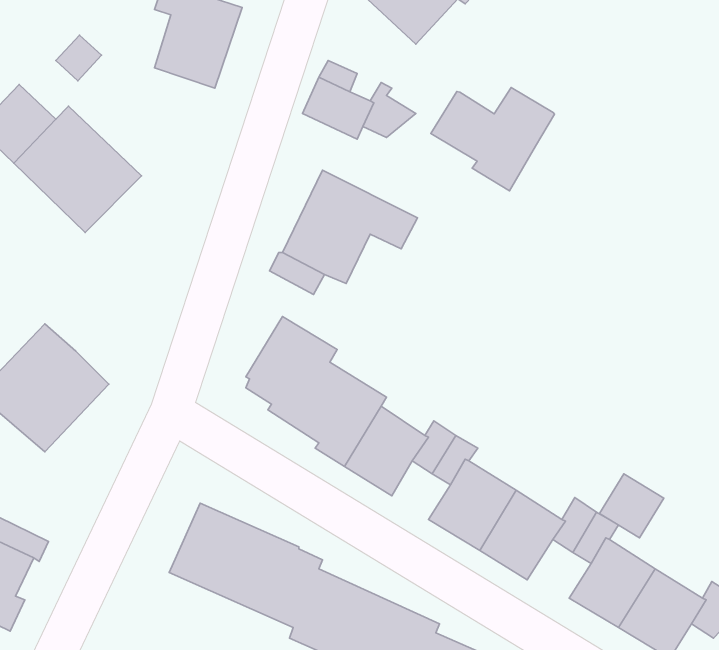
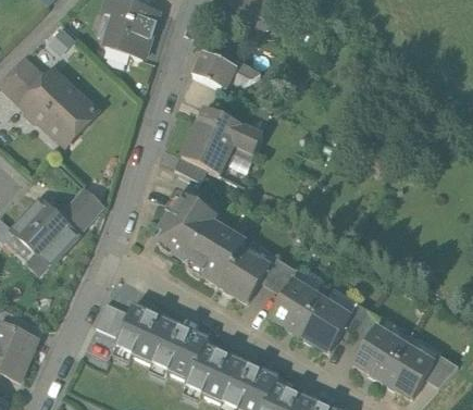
building: [431,87,555,191] -> none
building: none -> [59,186,103,234]
building: [600,474,664,538] -> none
building: none -> [96,301,129,336]

